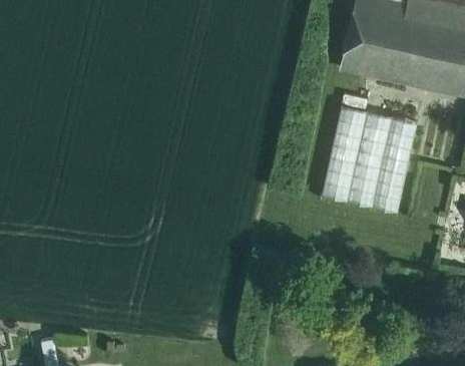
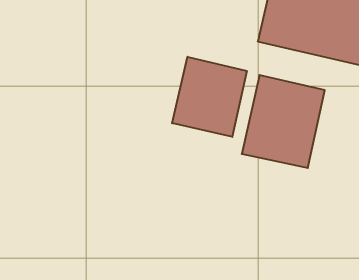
building: none -> [172,57,247,137]

